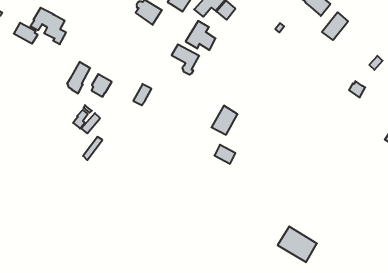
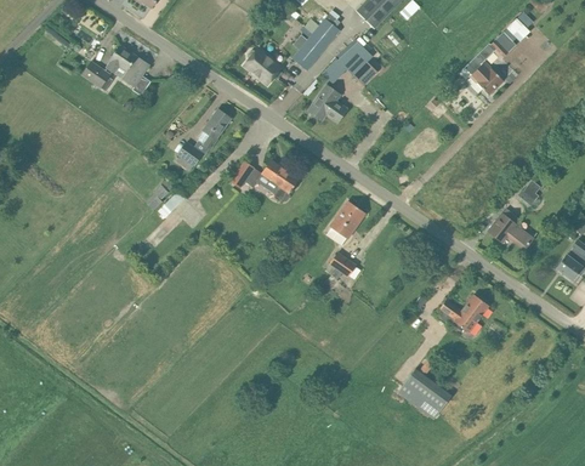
building: [322,12,348,40] -> none
building: [172,44,199,75] -> [262,160,299,201]
building: [67,62,90,93] -> [198,109,231,150]
building: none -> [488,209,533,249]
building: none -> [439,294,489,333]

